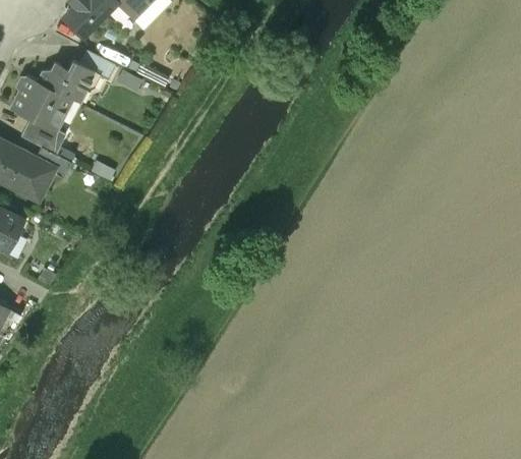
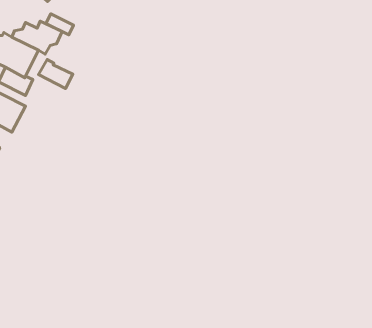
building: none -> [38,59,73,88]

